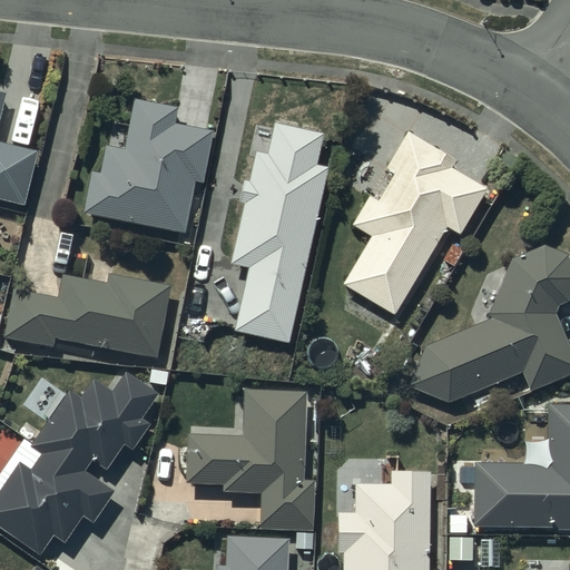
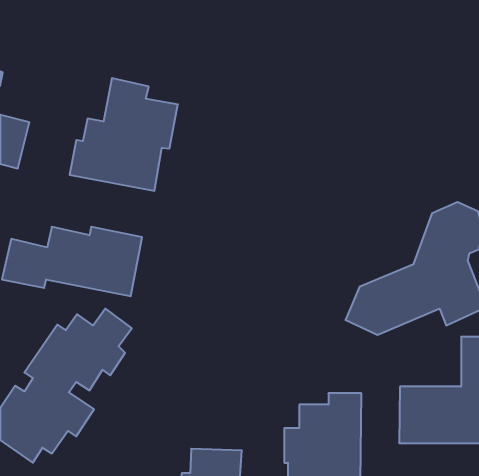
building: [232,121,328,342] -> none
building: [345,132,487,314] -> none
building: [187,390,314,530] -> none

